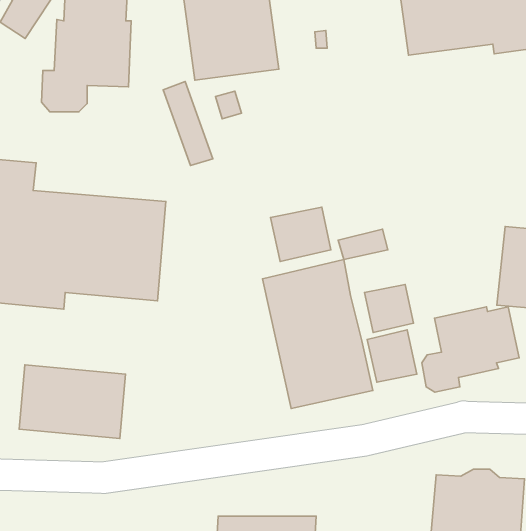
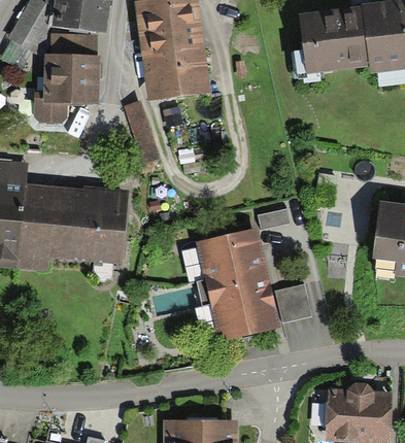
building: [270,207,331,262] -> none
building: [364,285,413,332] -> none
building: [422,307,519,392] -> none
building: [19,365,125,438] -> none

